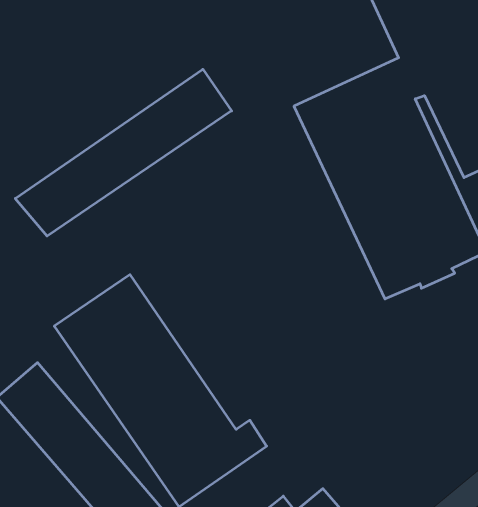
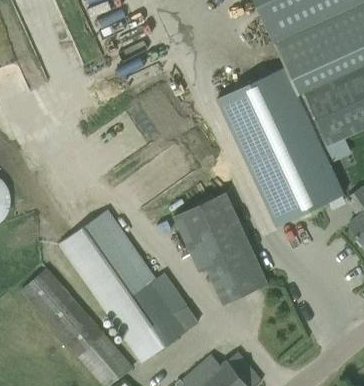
building: [15,69,232,236] -> none
building: none -> [172,192,268,305]

